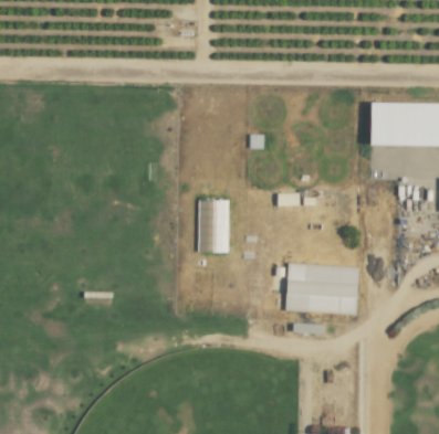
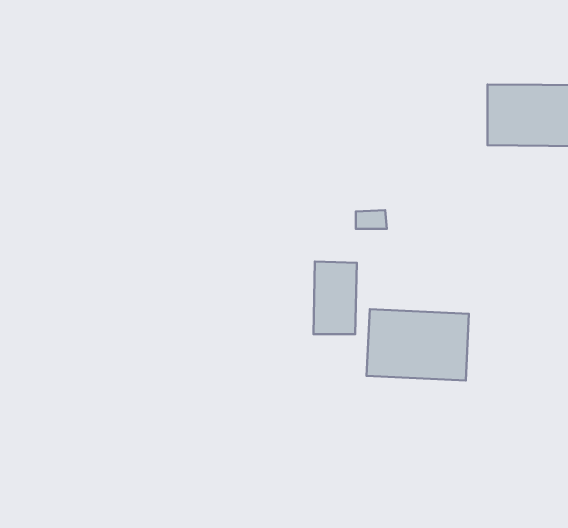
building: [198,200,229,252] -> [313,261,357,334]

